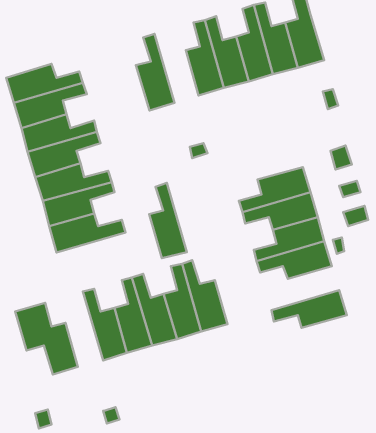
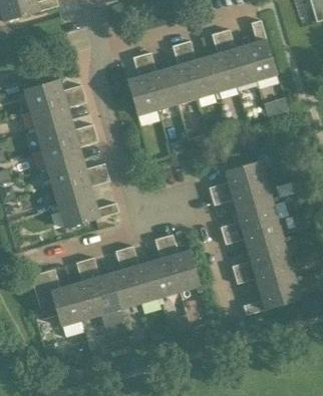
building: none -> [141,52,177,109]
building: [149,183,187,258] -> [70,260,100,320]
building: none -> [232,240,289,275]
building: none -> [243,279,301,316]

